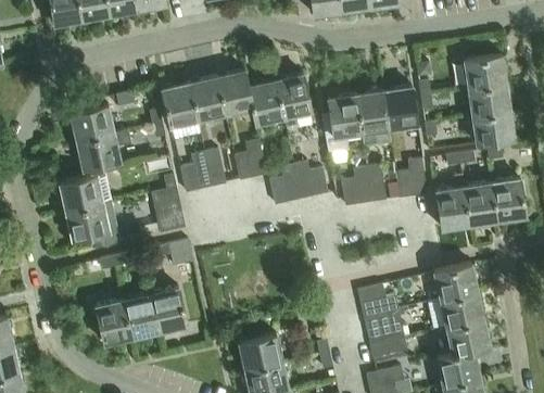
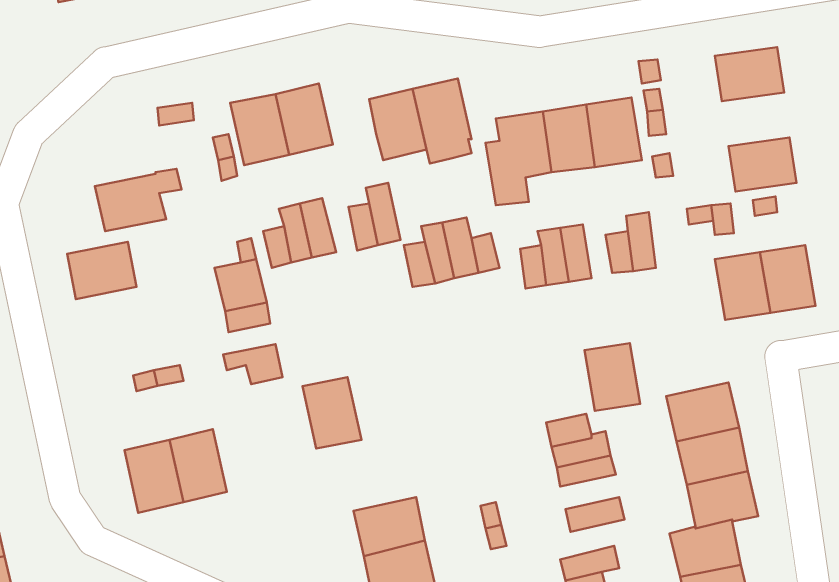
building: [216,72,252,116] -> none
building: [468,84,510,117] -> none
building: [69,106,114,142] -> none
building: [435,188,470,230] -> [585,343,640,411]
building: [64,203,118,249] -> none
building: [150,289,187,333] -> [302,377,361,449]

